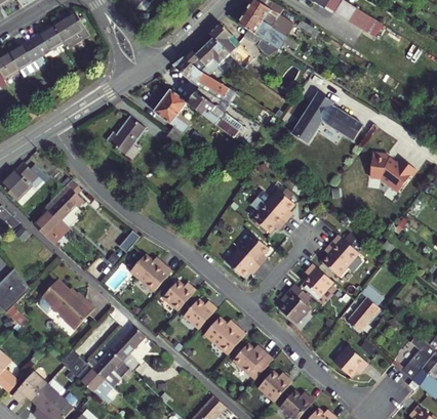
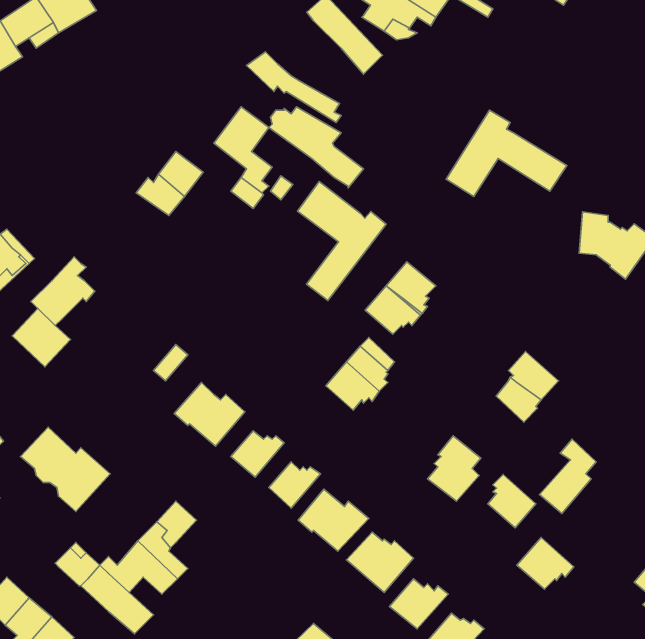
building: [185,39,230,75] -> none
building: none -> [298,181,386,301]
building: [306,265,334,297] -> [488,475,536,528]

